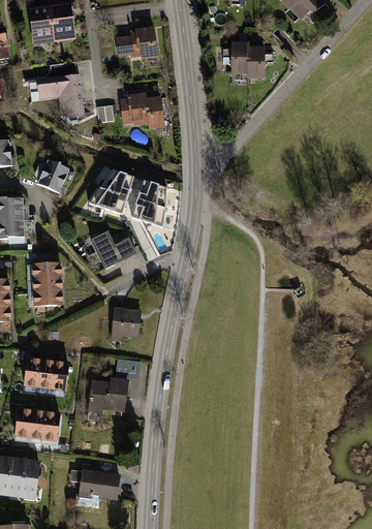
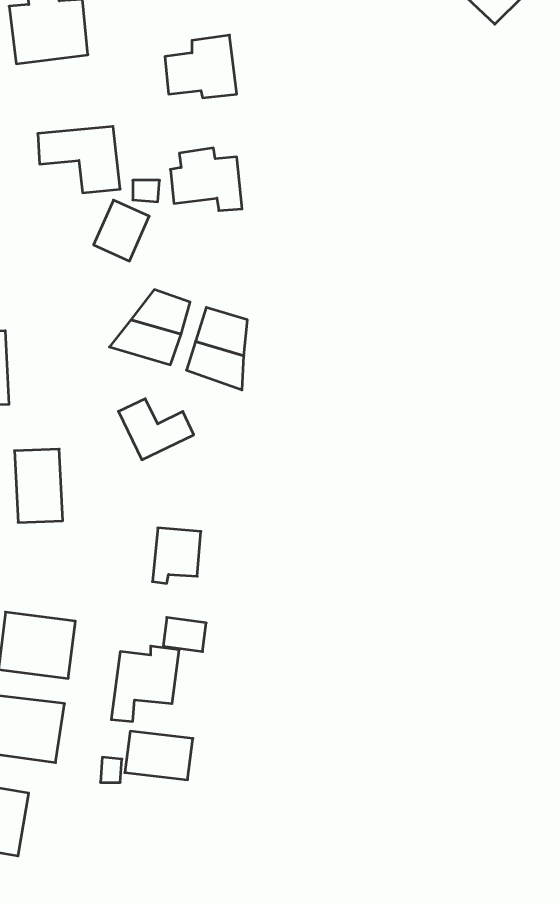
building: [231,41,262,76] -> none
building: [36,159,68,194] -> [94,200,149,261]
building: [79,470,118,498] -> [125,731,193,780]

